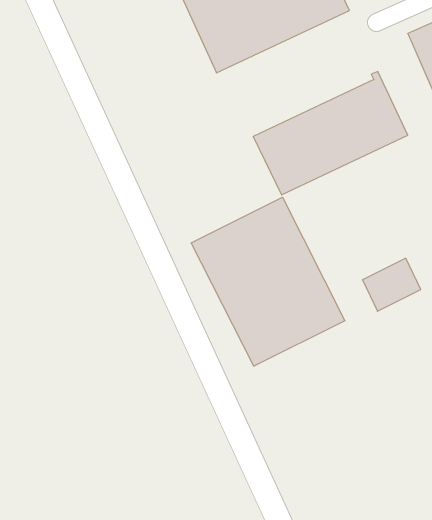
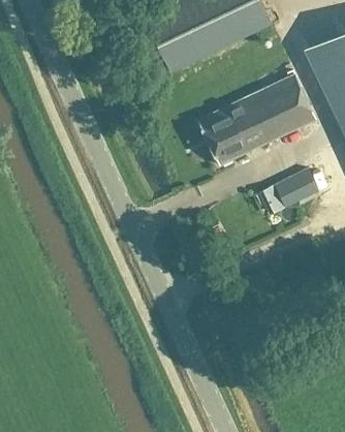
building: [191,197,345,366] -> none
building: [362,258,421,311] -> [273,169,317,210]

